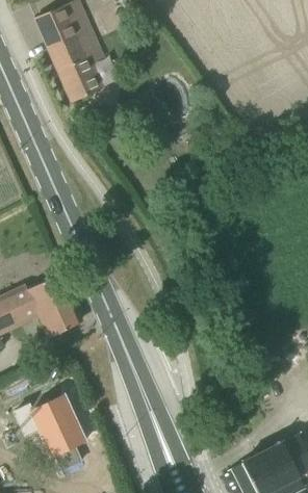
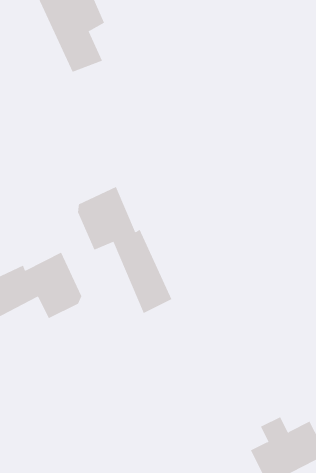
building: none -> [77,186,172,314]
building: [15,396,85,470] -> none

